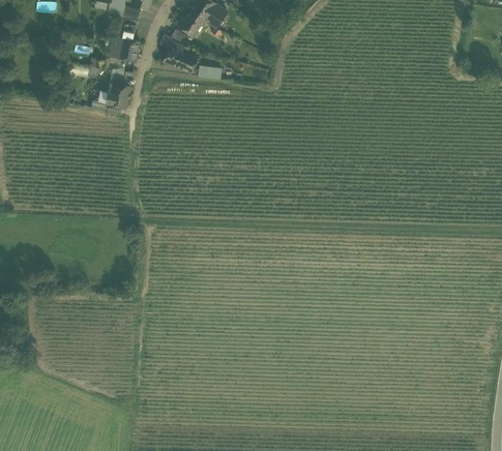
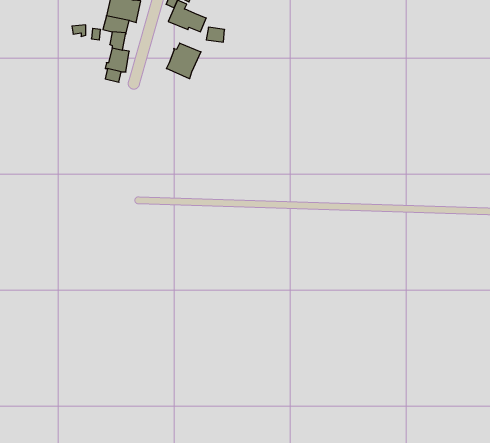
building: none -> [166,43,201,79]

